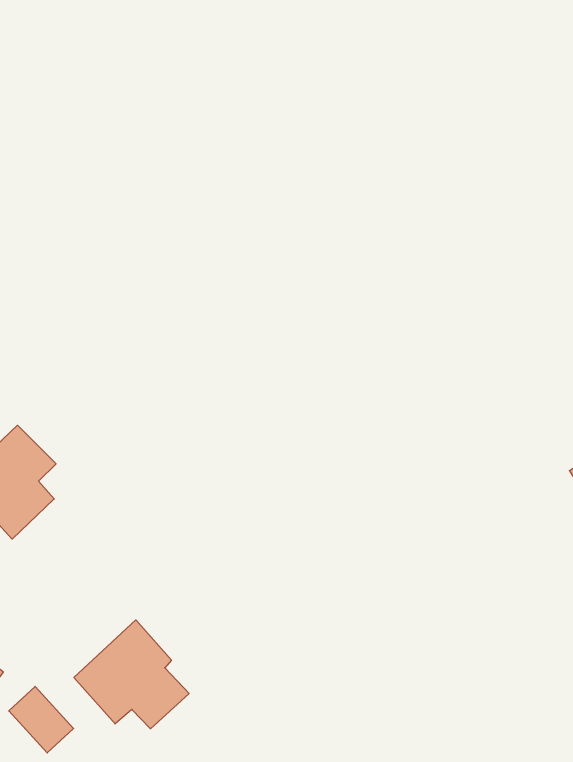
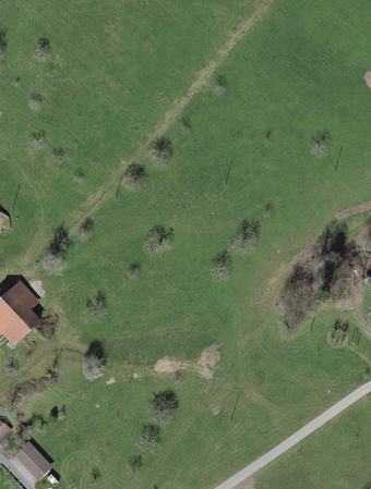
building: [74,620,189,729] -> none

